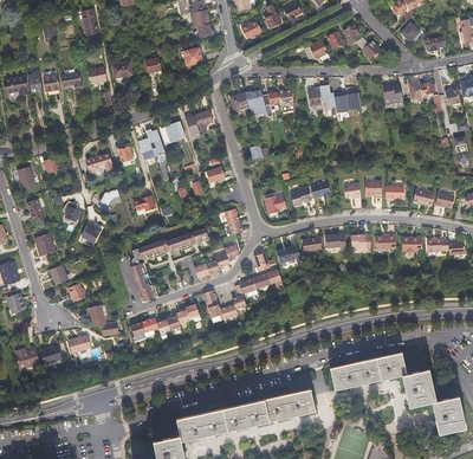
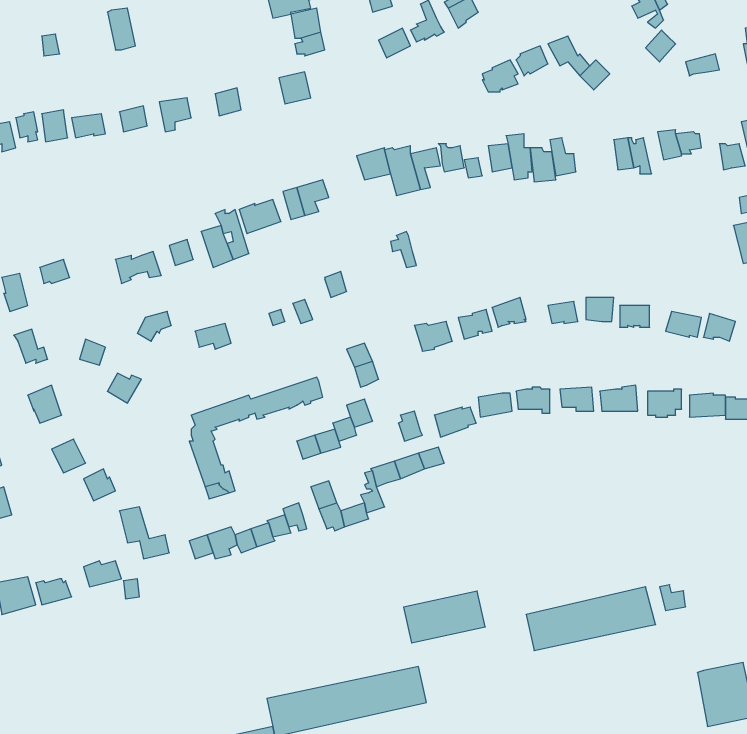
building: [401,369,435,407] -> none
building: [266,389,315,420] -> [404,591,485,643]

